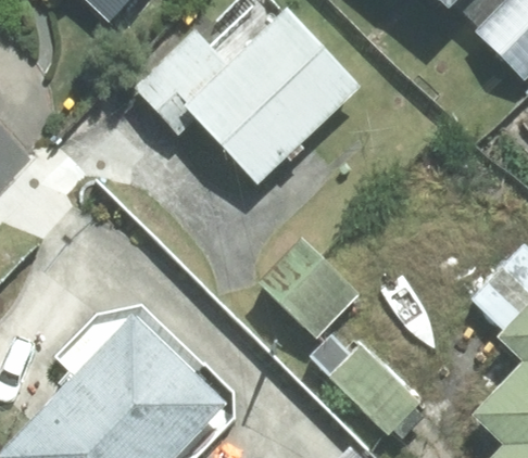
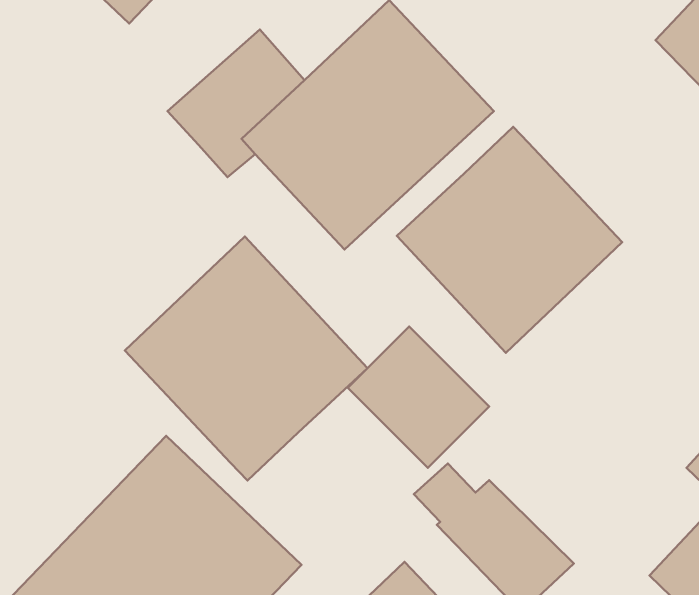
building: none -> [397,127,622,353]
building: none -> [125,237,367,481]

